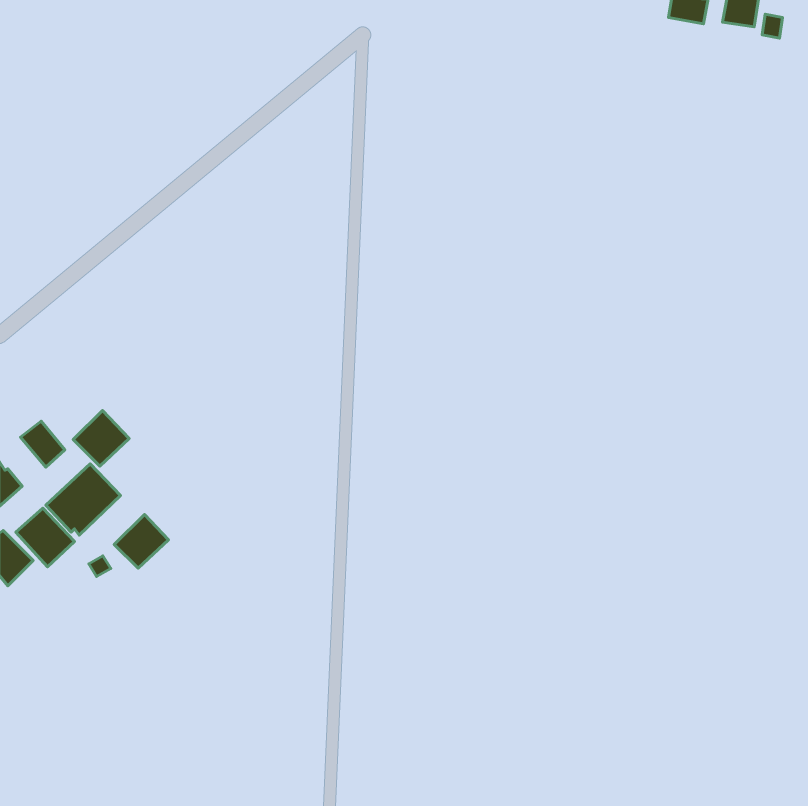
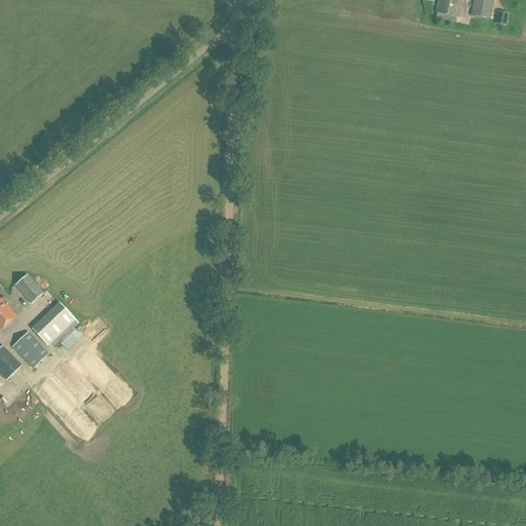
building: [73,410,129,466] -> none
building: [114,515,169,568] -> none

